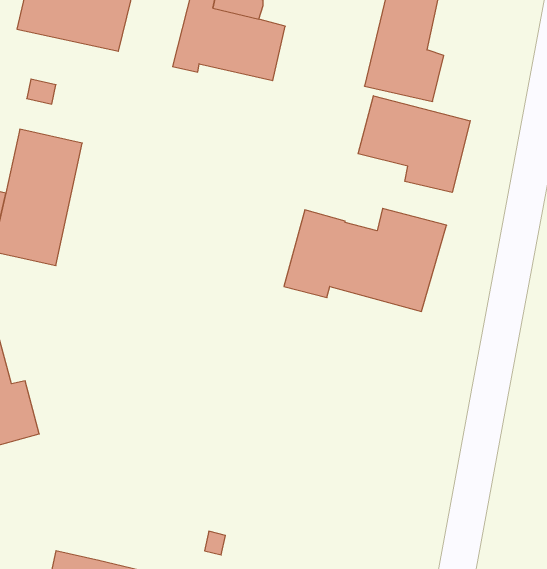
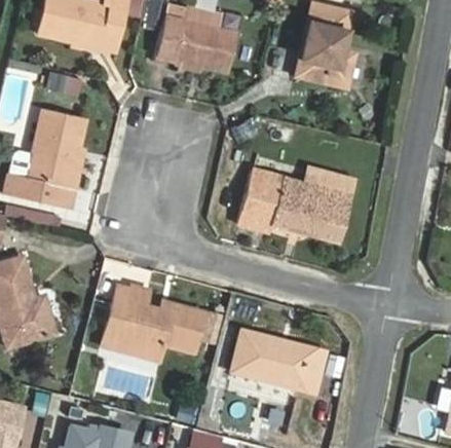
building: [358,96,470,192] -> none
building: none -> [104,286,204,360]
building: none -> [231,329,327,393]

